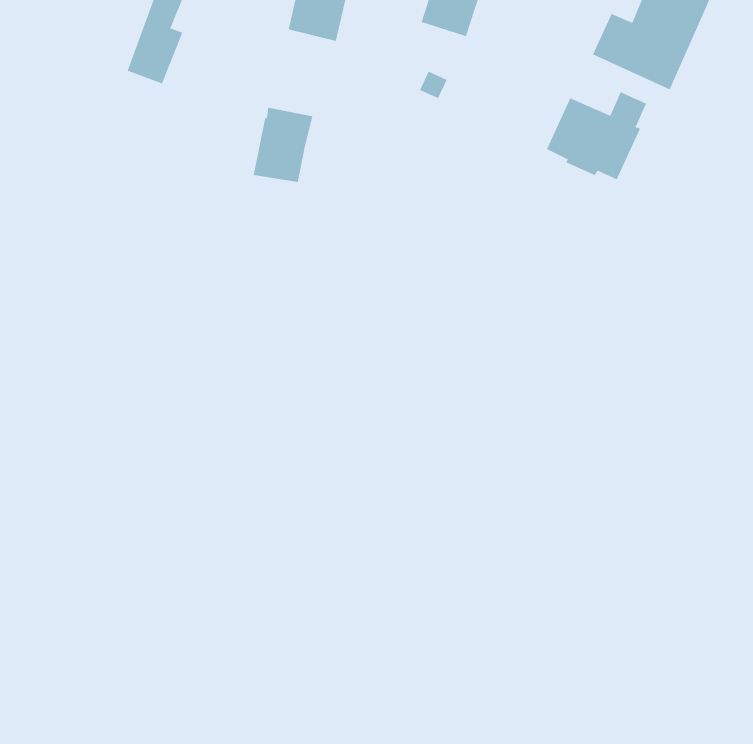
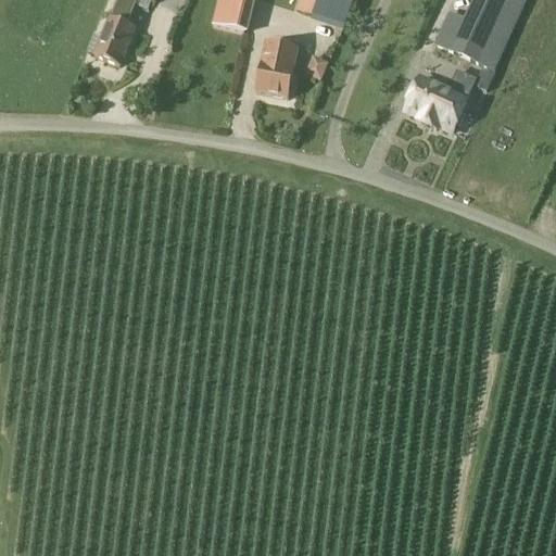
building: [253,107,313,183] -> [255,39,300,94]

